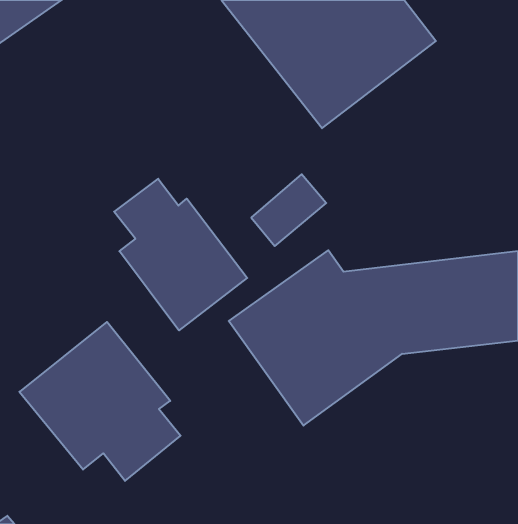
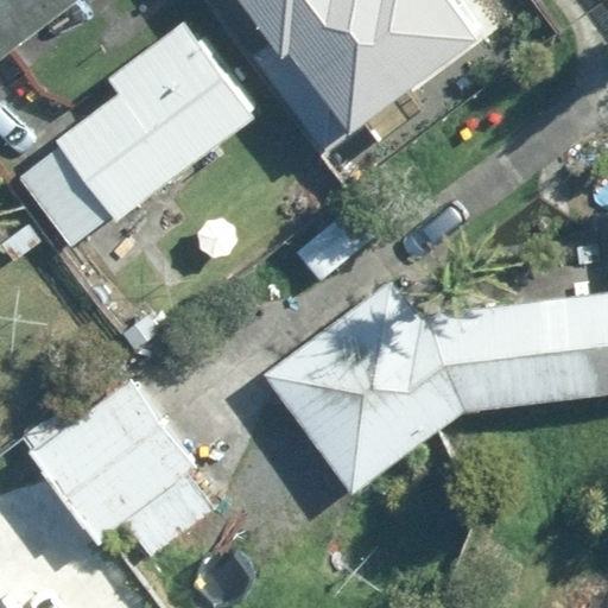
building: none -> [15,24,252,246]
building: [114,179,247,330] -> none

